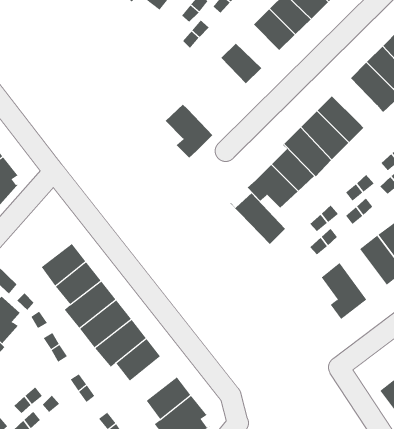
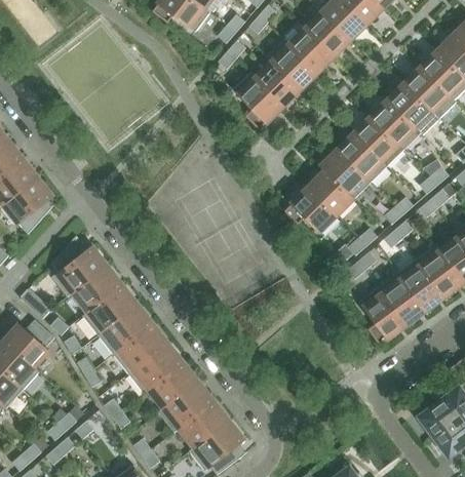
building: none -> [268,39,317,88]
building: none -> [371,98,421,149]
building: [165,104,213,158] -> [234,73,283,128]
building: [229,192,286,245] -> none
building: none -> [51,235,107,295]
building: none -> [379,272,426,323]
building: none -> [160,381,214,431]

